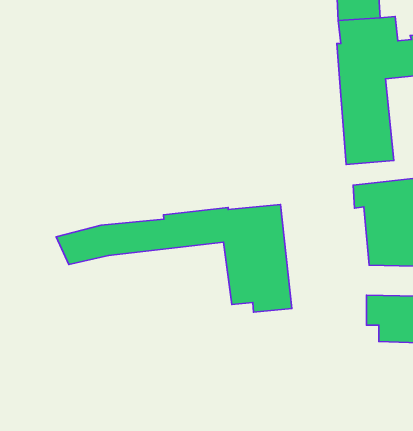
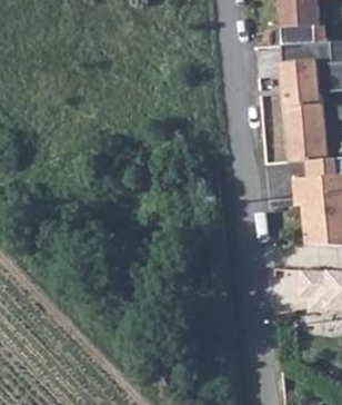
building: [56,205,292,312] -> none

